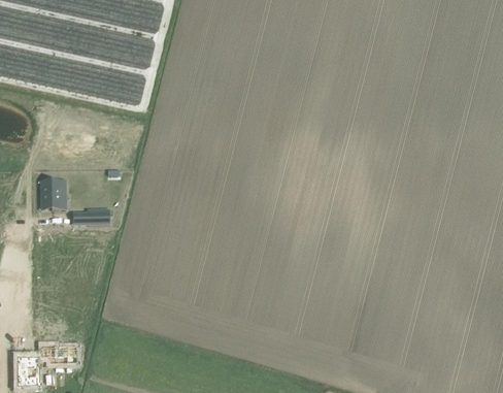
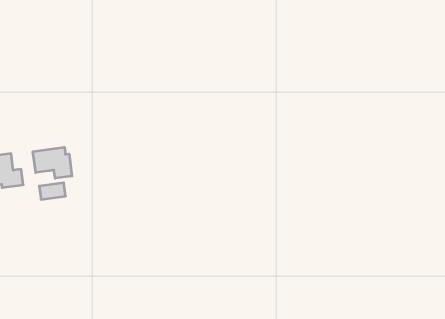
building: none -> [33,147,72,178]

